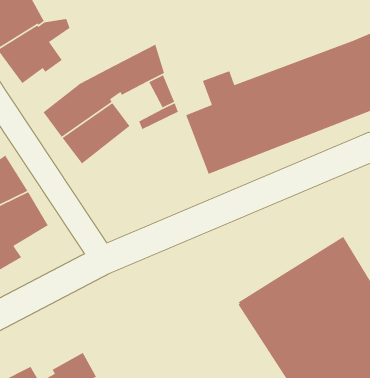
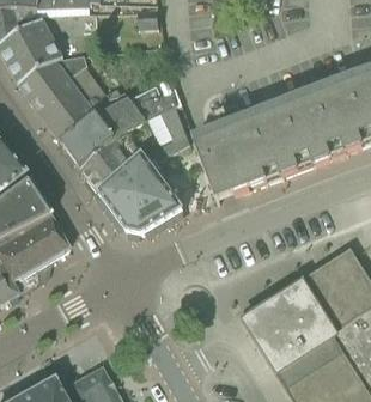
building: none -> [42,85,128,140]
building: none -> [98,153,182,231]

